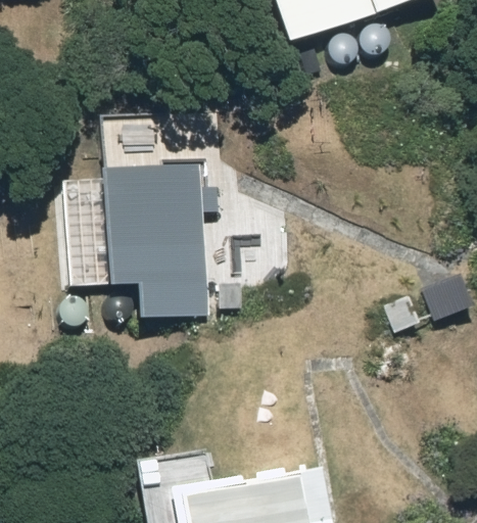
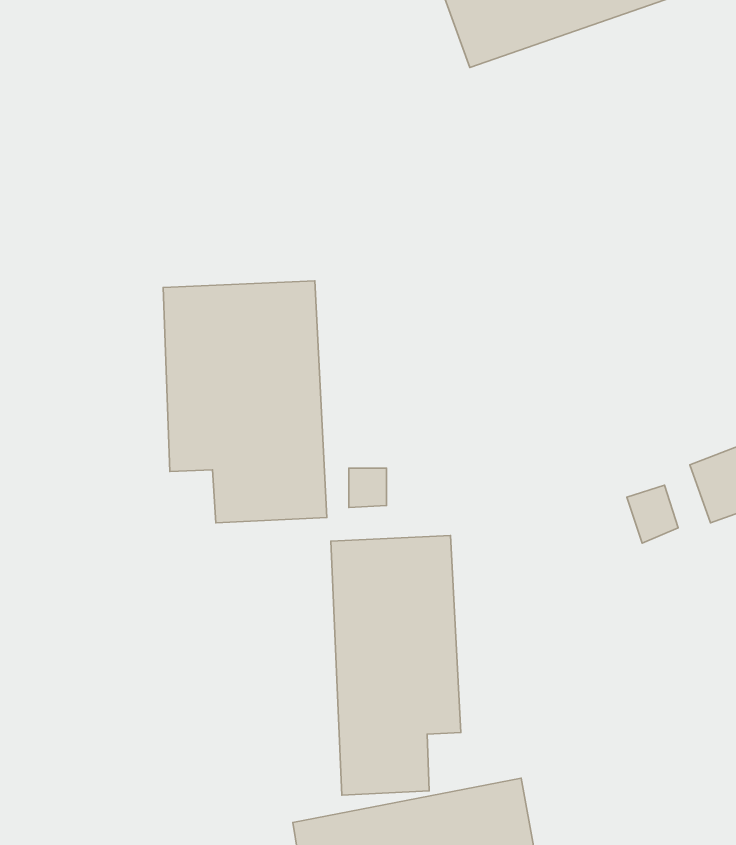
building: none -> [331,536,461,795]

